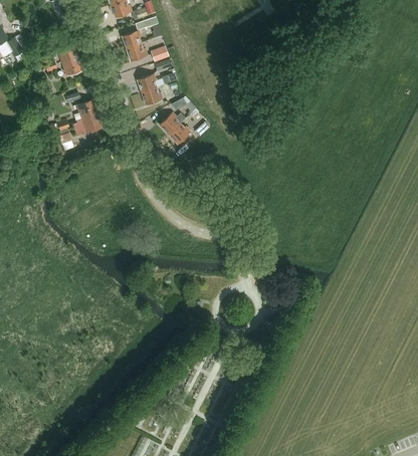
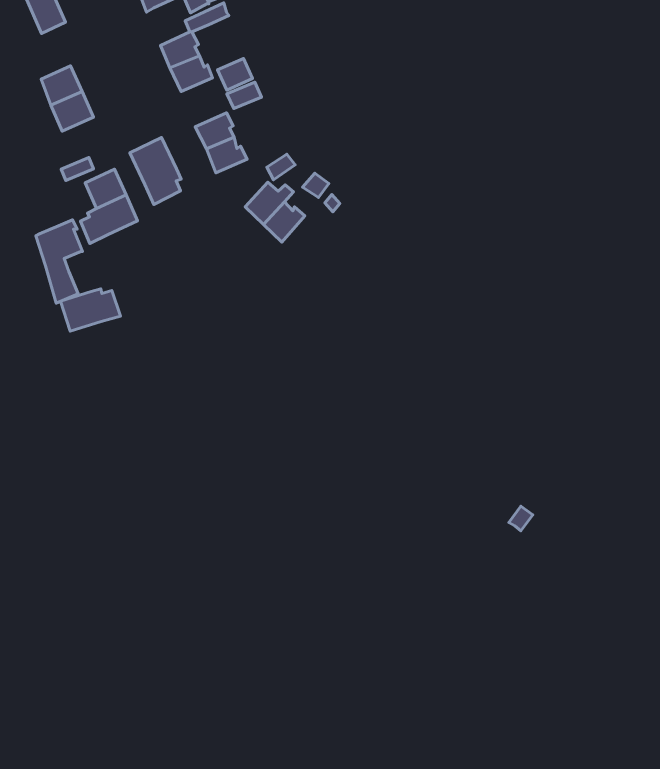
building: none -> [130,137,181,205]
building: none -> [60,289,121,331]

